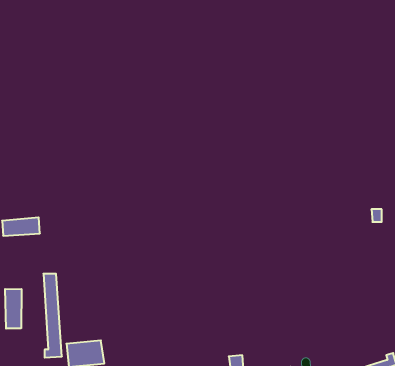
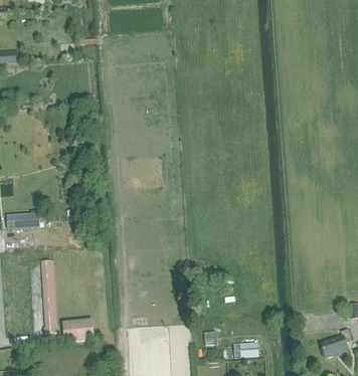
building: [5,289,21,329] -> none

